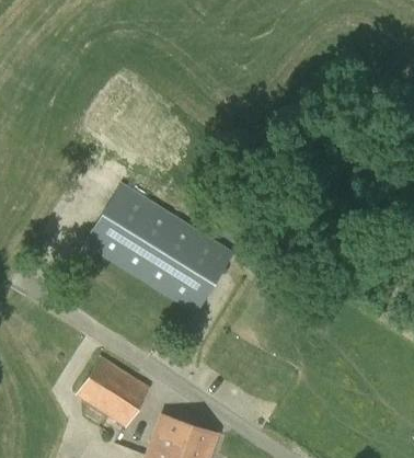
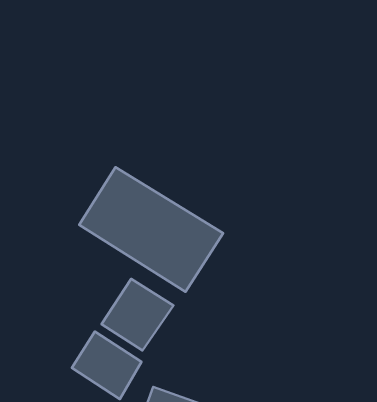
building: none -> [102,279,173,351]

